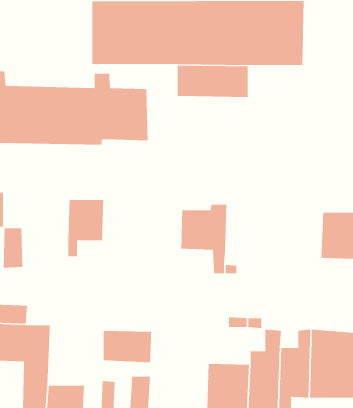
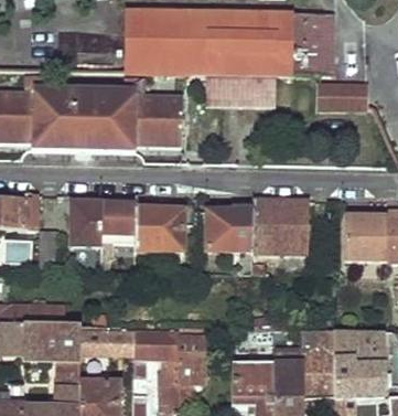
building: none -> [318,83,365,108]
building: none -> [254,199,310,252]
building: none -> [73,200,101,242]
building: none -> [135,201,181,253]
building: none -> [83,327,135,352]
building: none -> [180,335,205,394]

